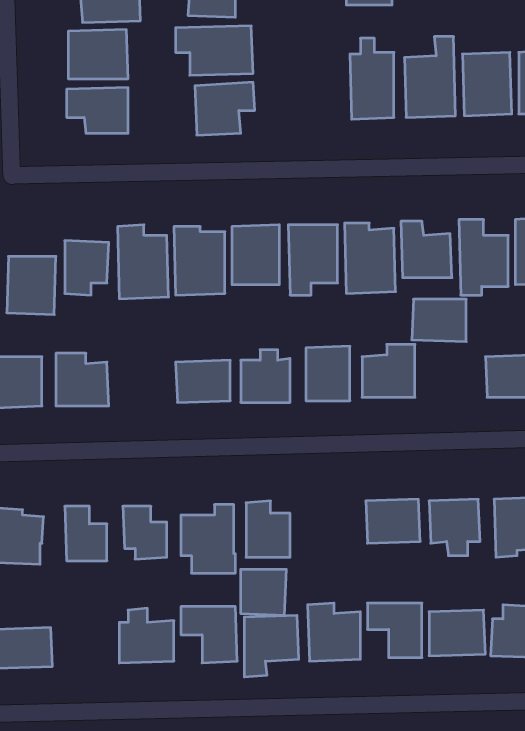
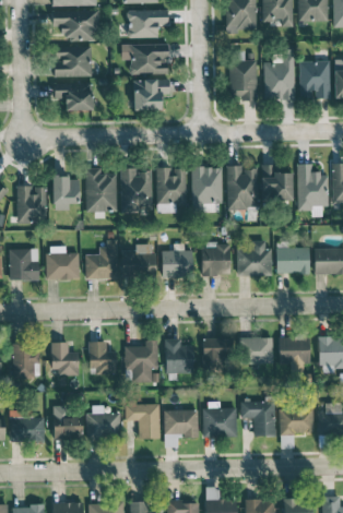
building: [412,299,466,342] -> [275,248,309,274]
building: none -> [85,242,118,279]
building: [241,569,286,615] -> [203,338,232,367]
building: none -> [54,416,83,439]

